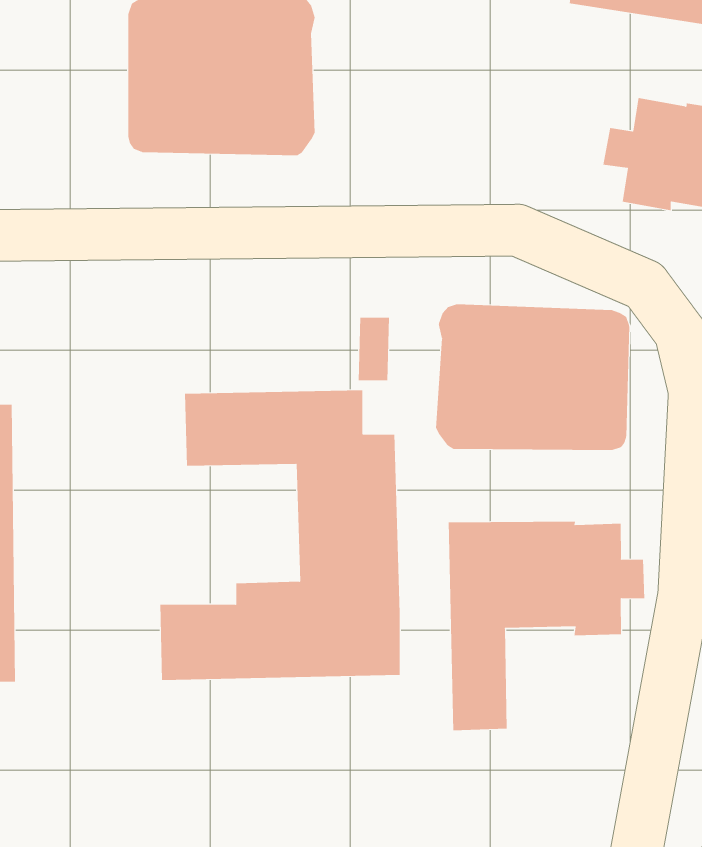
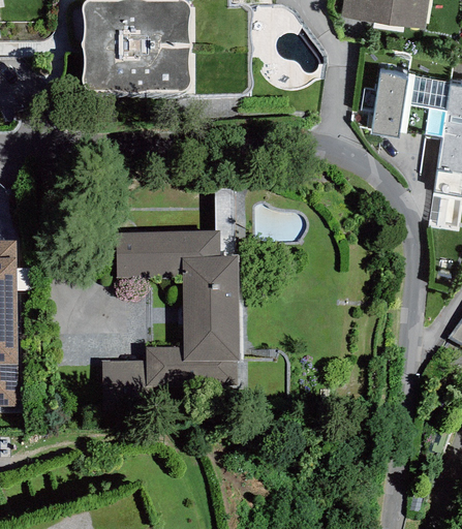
building: [435,303,630,451] -> none
building: [448,521,645,731] -> none

